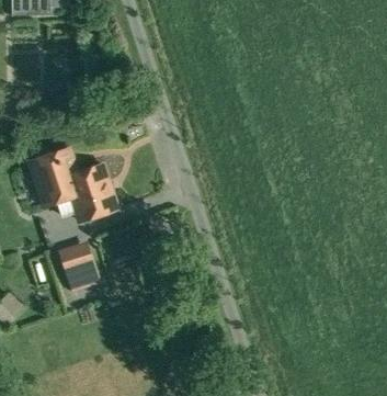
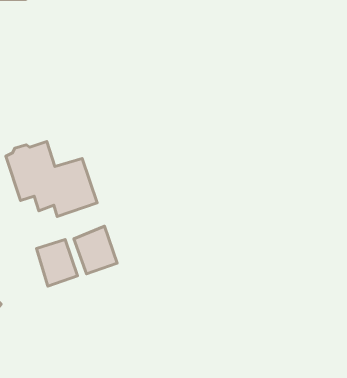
building: none -> [74,226,117,274]

